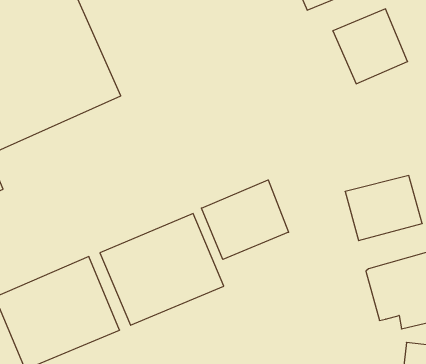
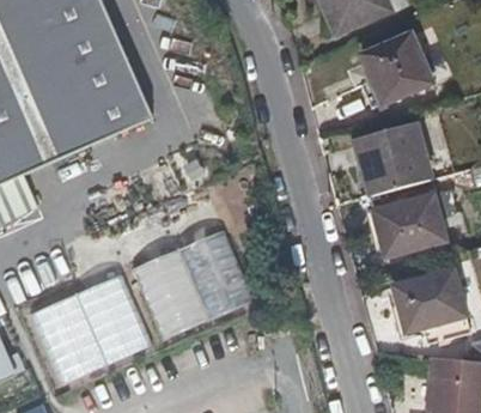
building: none -> [352,123,431,194]
building: [201,180,289,259] -> none

